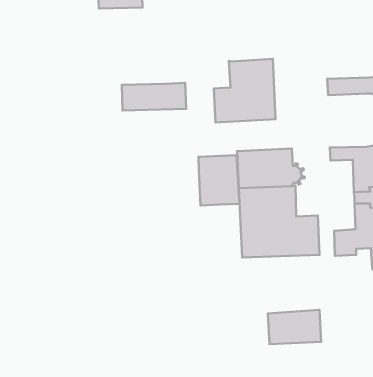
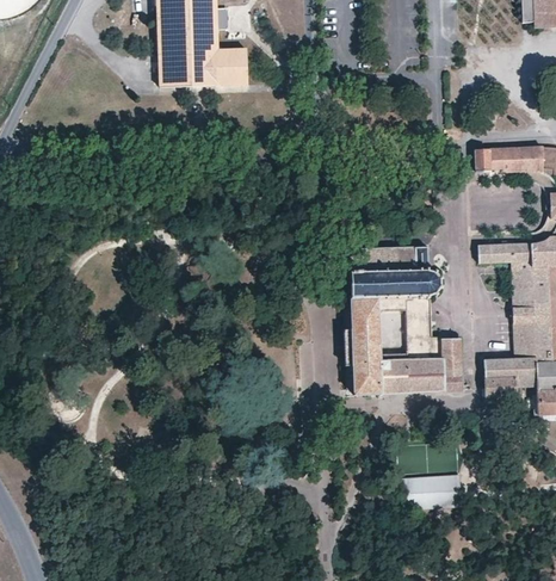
building: [214,59,276,123] -> none
building: [122,83,186,110] -> [157,49,247,87]
building: [198,155,240,205] -> none

